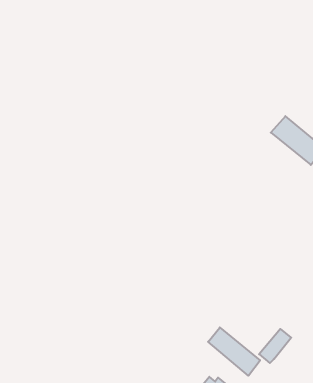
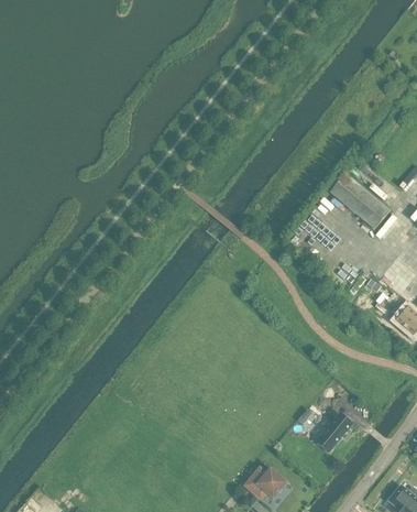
building: [208,327,260,376] -> none

